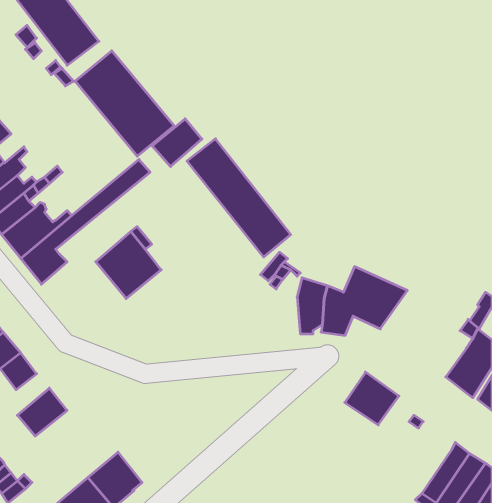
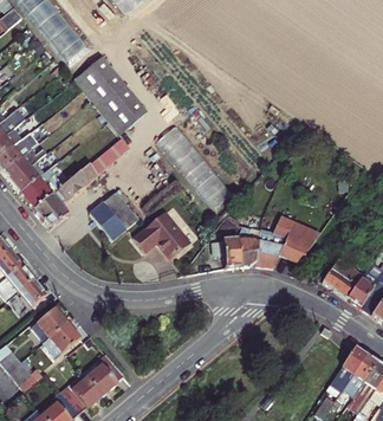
building: [152,119,202,167] -> none
building: none -> [132,212,189,259]
building: none -> [212,239,240,267]
building: [345,372,399,425] -> [323,259,363,298]
building: none -> [43,323,80,358]

